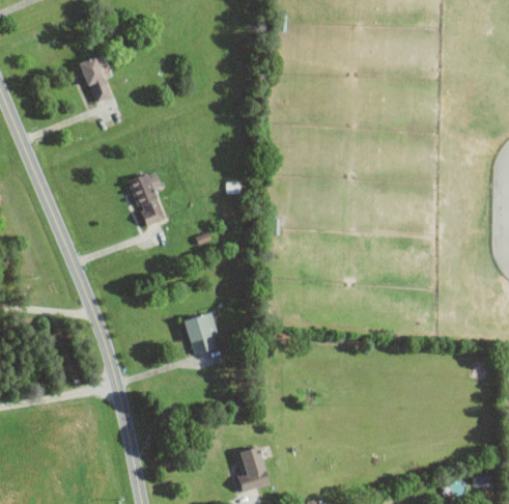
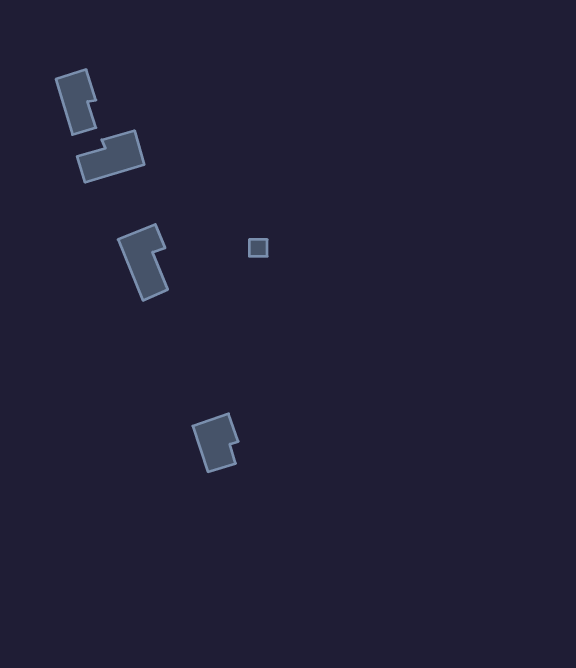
building: none -> [77,131,144,182]
building: [234,446,270,492] -> none

